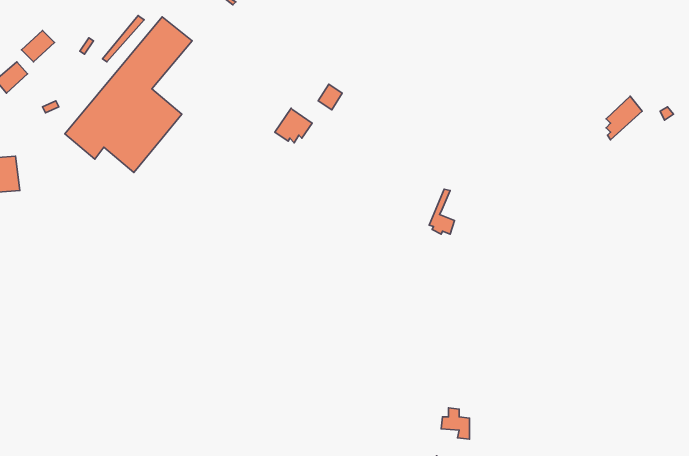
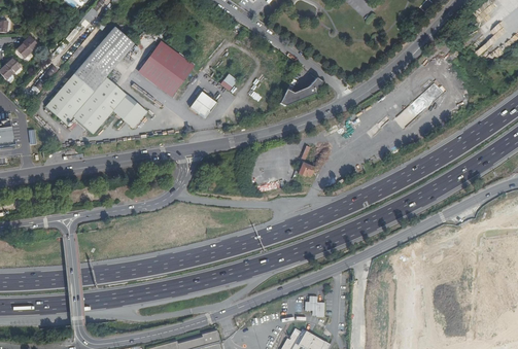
building: none -> [140,40,192,93]
building: none -> [279,77,321,105]
building: none -> [112,94,146,127]

